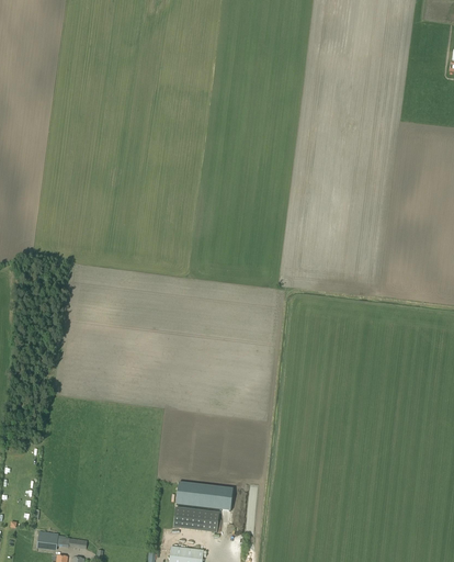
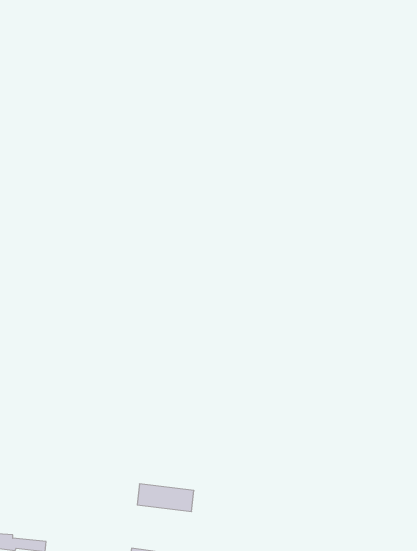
building: [174,508,217,529] -> none

